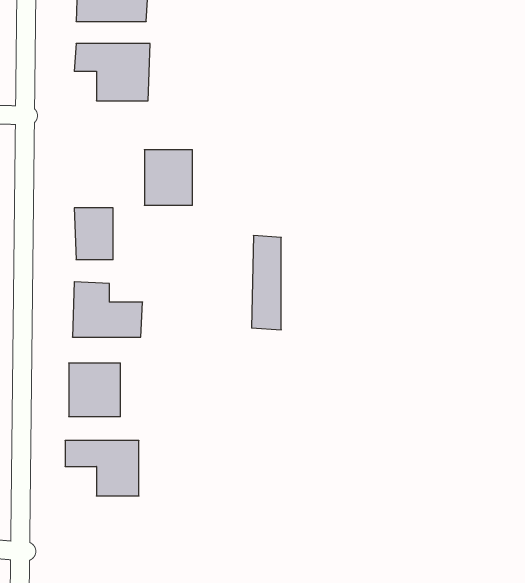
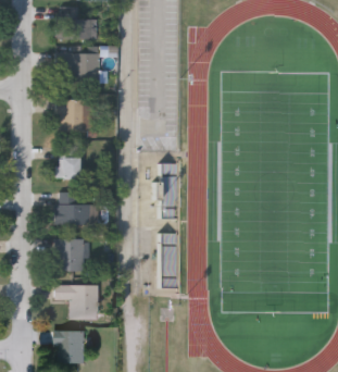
building: [144,150,192,205] -> [57,99,85,132]
building: none -> [160,235,180,289]
building: none -> [55,330,86,363]

